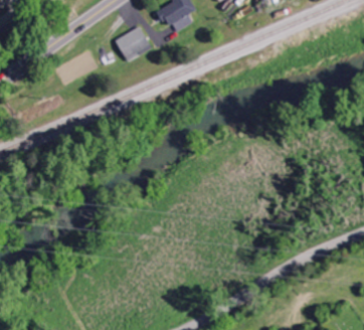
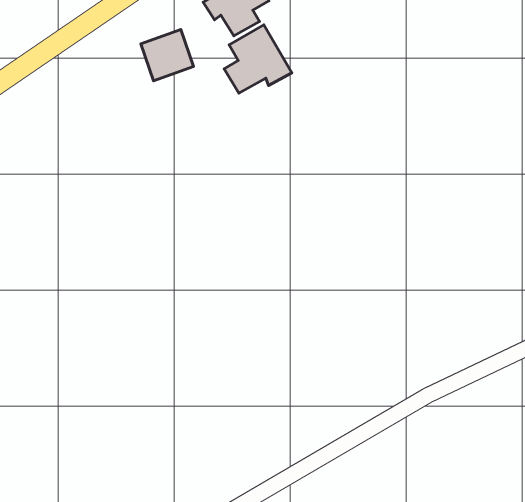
building: none -> [224,25,292,93]

